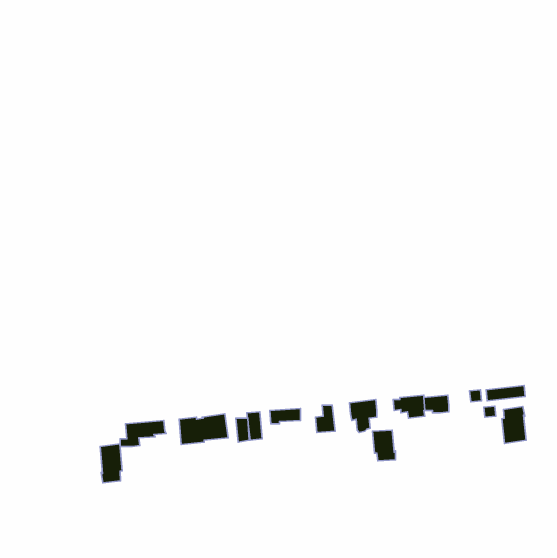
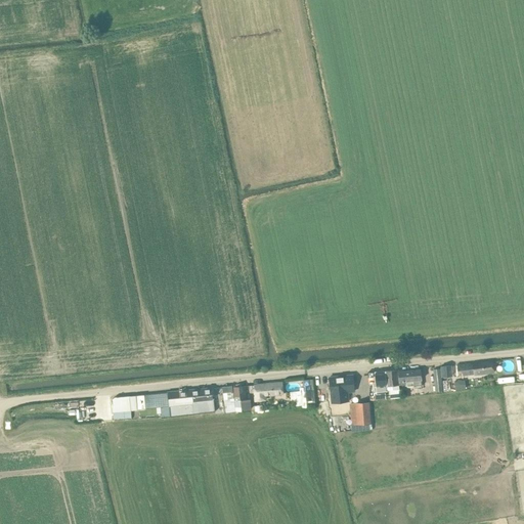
building: [502,406,526,444] -> none
building: [100,444,122,483] -> none

